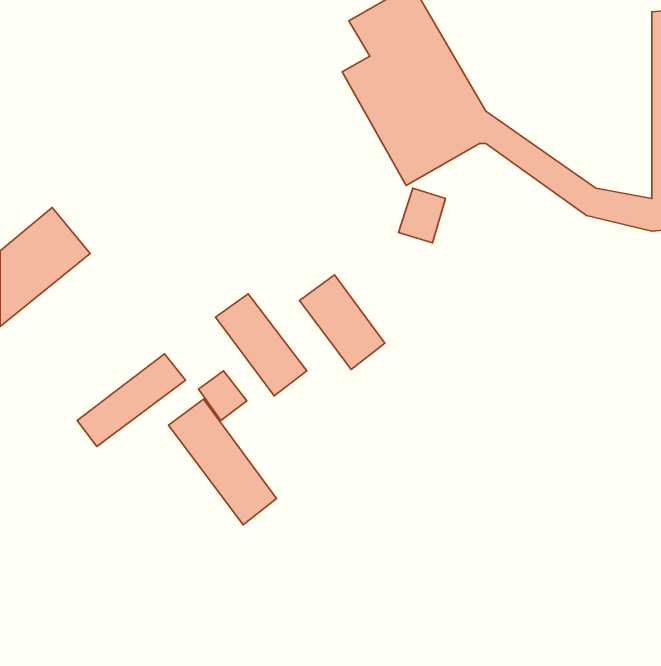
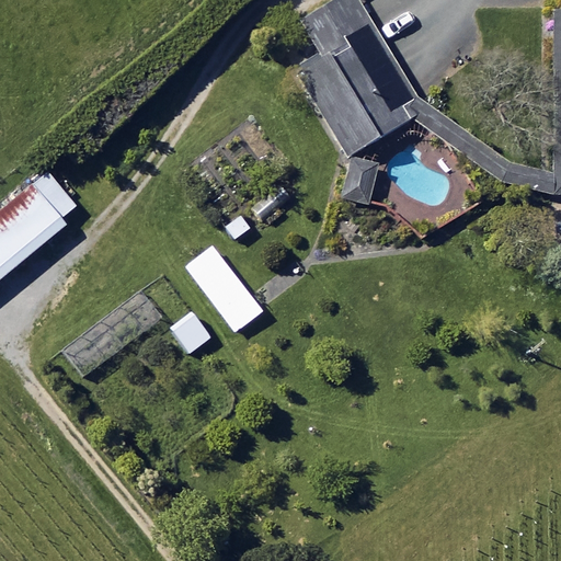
building: [300,275,385,369] -> none
building: [169,399,277,525] -> none

